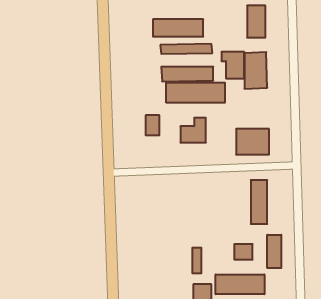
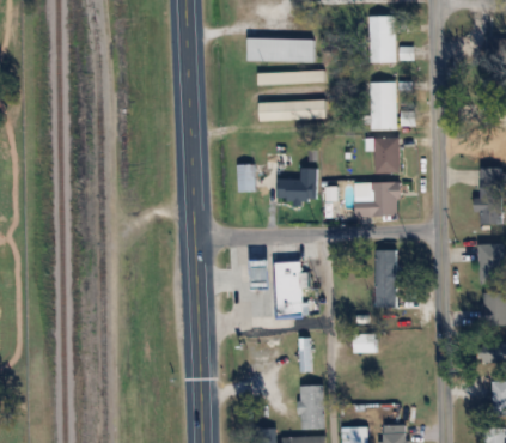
building: [221,52,244,78] -> [368,138,398,172]
building: [166,83,225,103] -> none
building: none -> [254,261,306,318]
building: [267,235,281,268] -> none
building: [216,274,264,294] -> none

